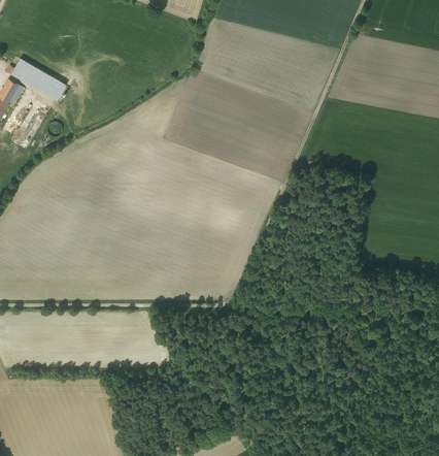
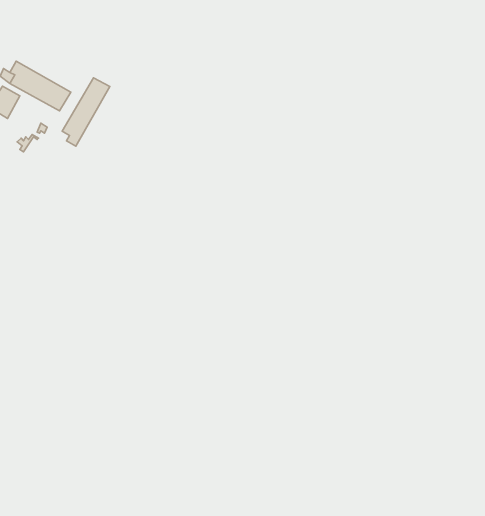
building: none -> [62,78,110,146]

